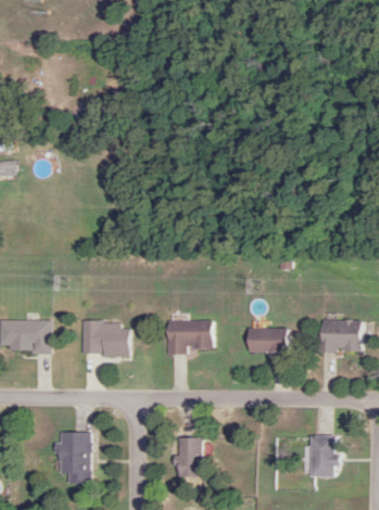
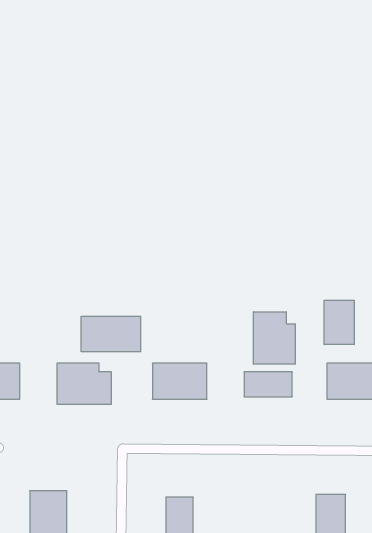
building: none -> [324,300,354,345]
building: none -> [253,312,295,364]
building: none -> [81,316,141,352]

